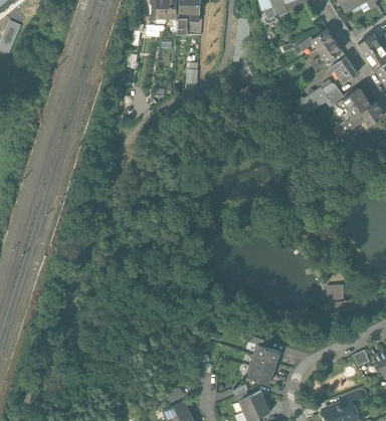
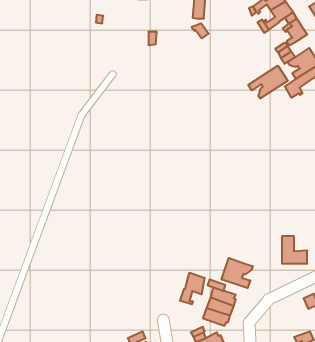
building: none -> [248,66,288,99]
building: none -> [222,258,253,288]
building: none -> [180,273,205,304]

